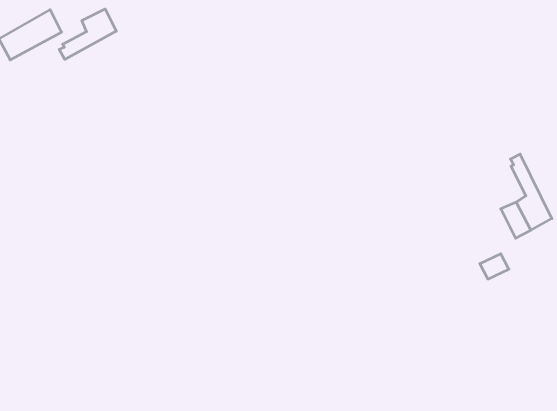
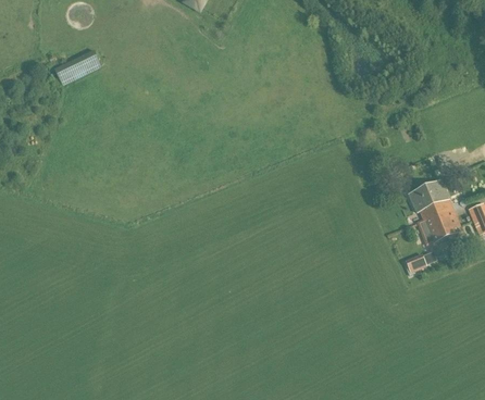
building: [59,9,116,59] -> none
building: none -> [409,183,444,220]

